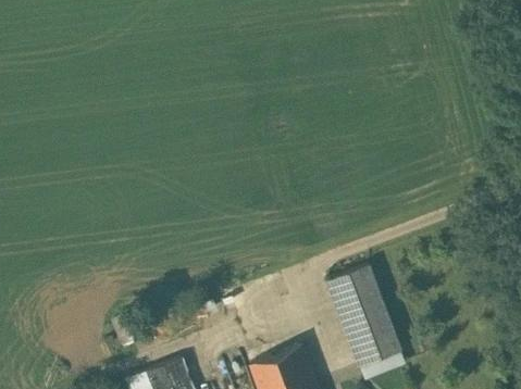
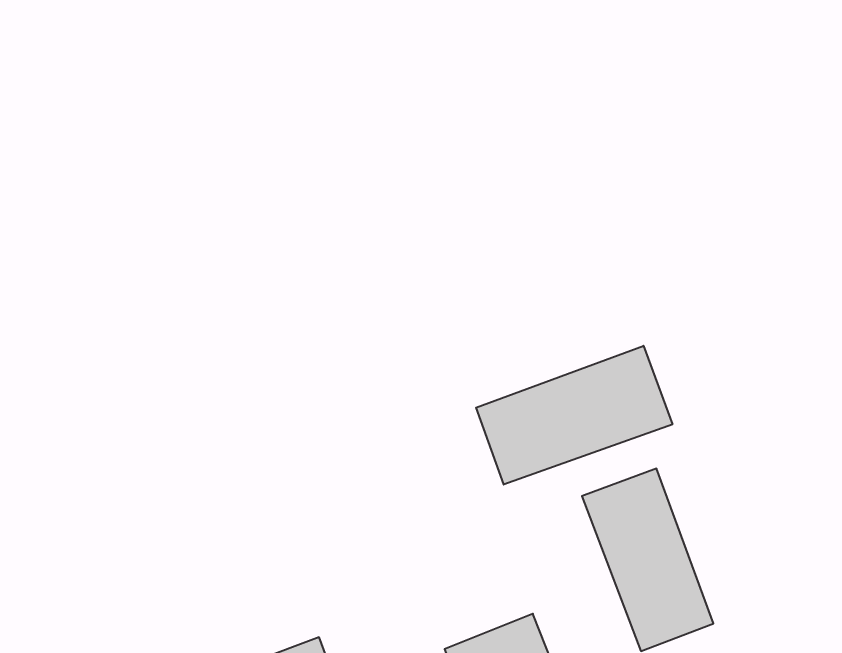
building: none -> [476,346,672,485]

